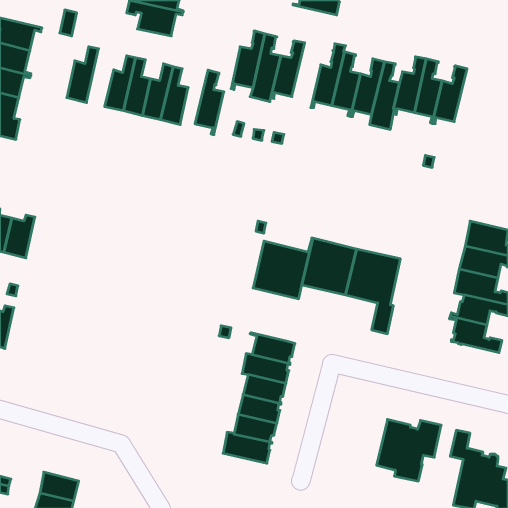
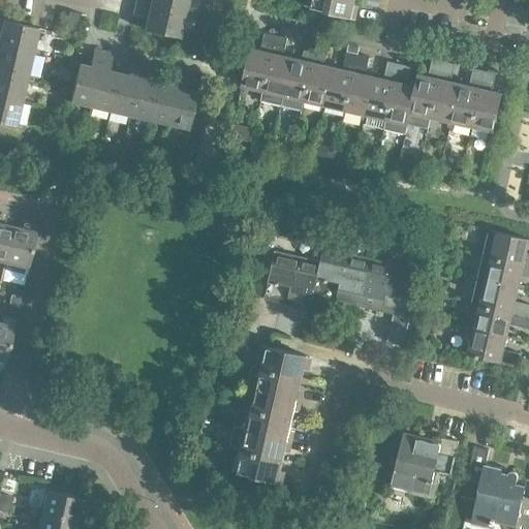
building: none -> [90,52,118,112]
building: none -> [471,72,501,138]
building: [195,70,224,135] -> [303,45,333,113]

